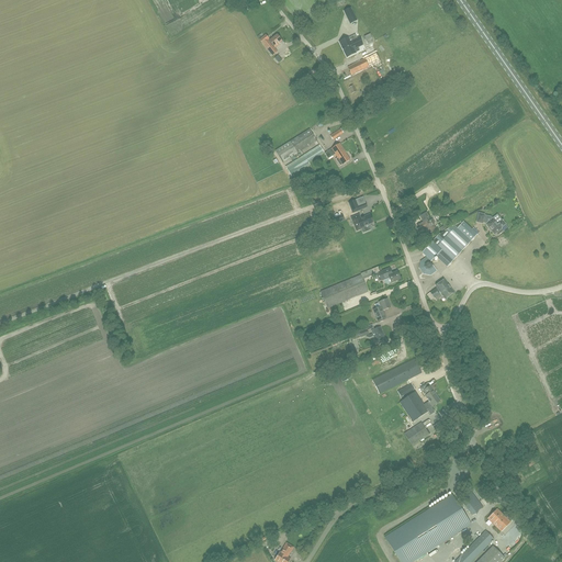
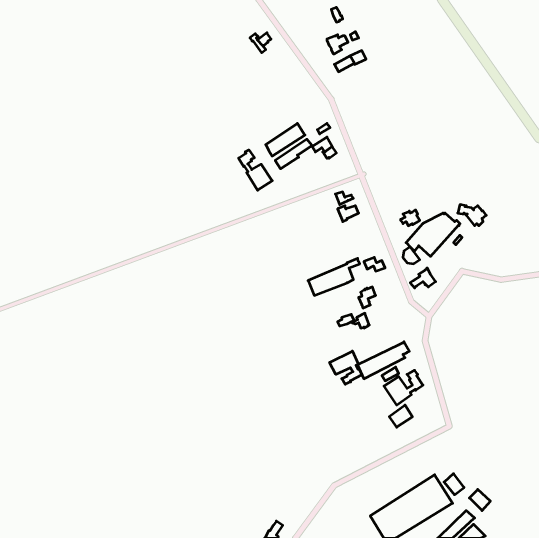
building: none -> [239,150,272,190]
building: none -> [330,351,362,384]

